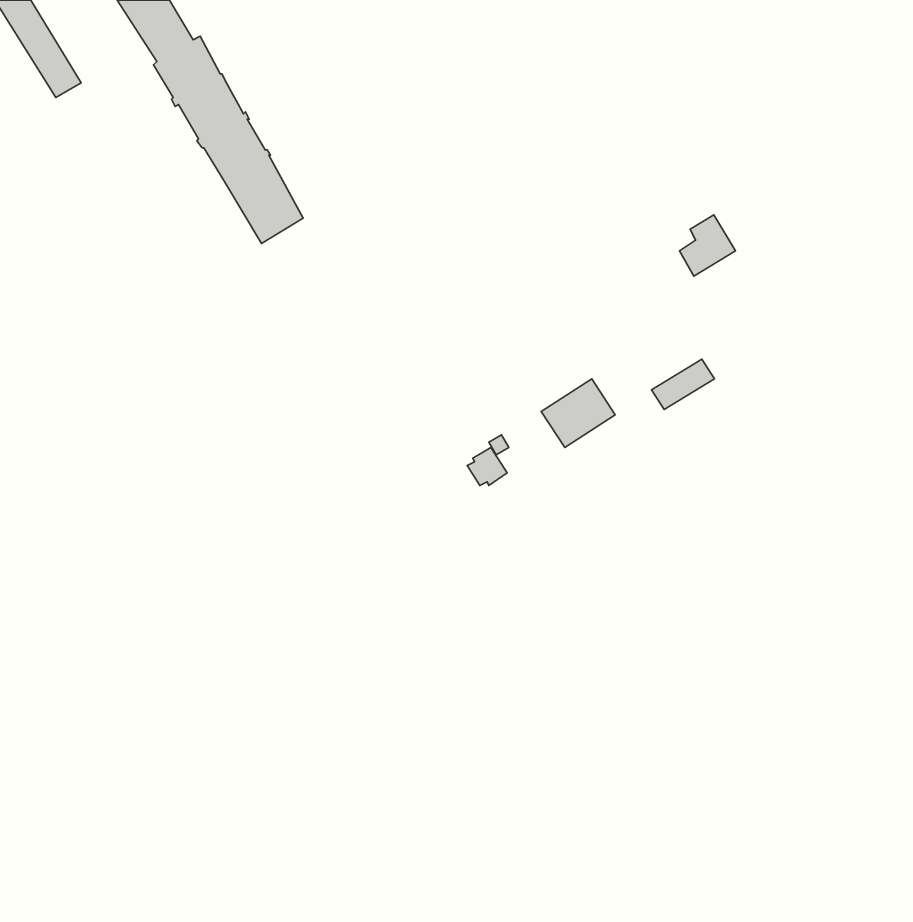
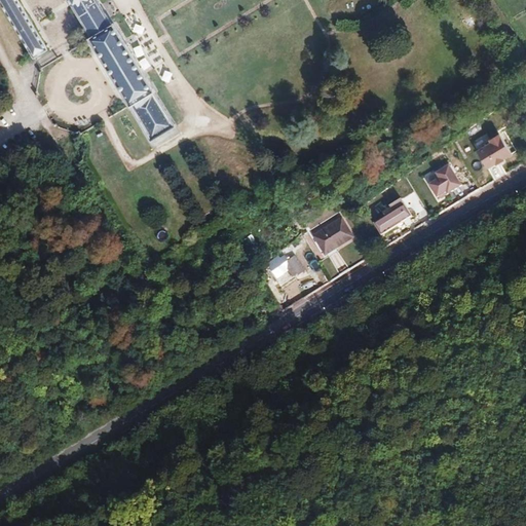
building: [679,215,735,276] -> [425,164,457,199]
building: none -> [476,130,511,166]

